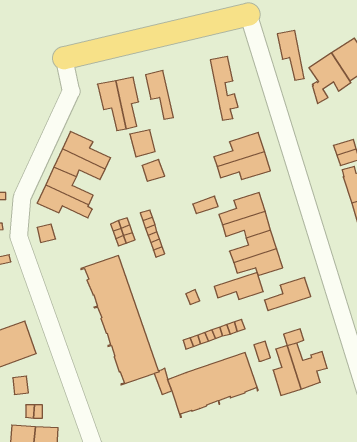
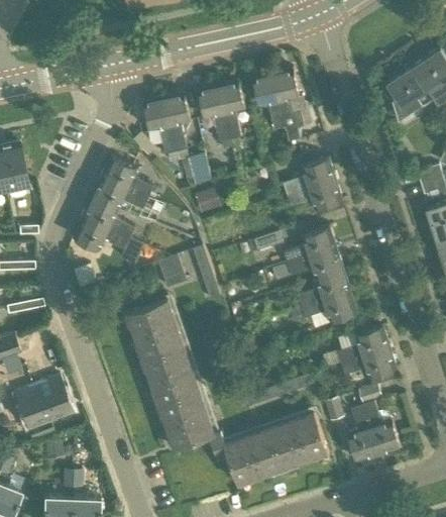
building: [277,30,304,80] -> [253,74,285,131]
building: none -> [219,81,246,140]
building: [214,272,263,299] -> [340,347,397,379]

